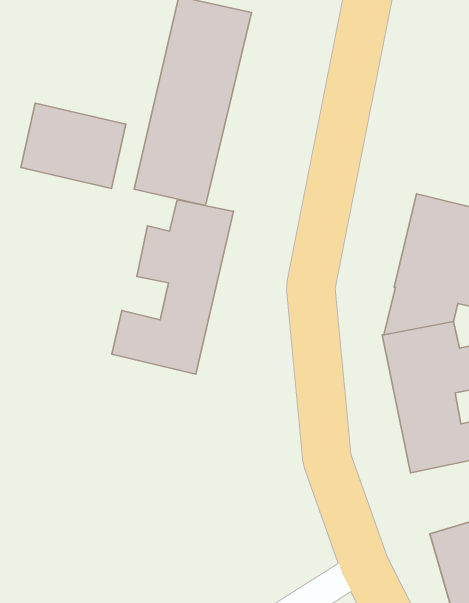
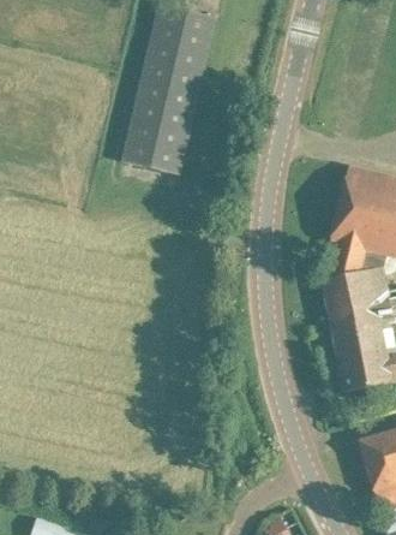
building: [21,103,126,189] -> none
building: [112,200,233,374] -> none

